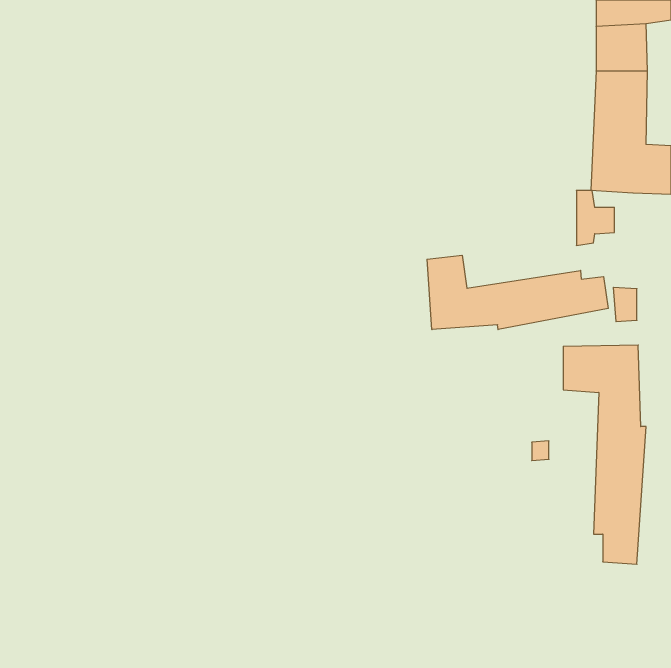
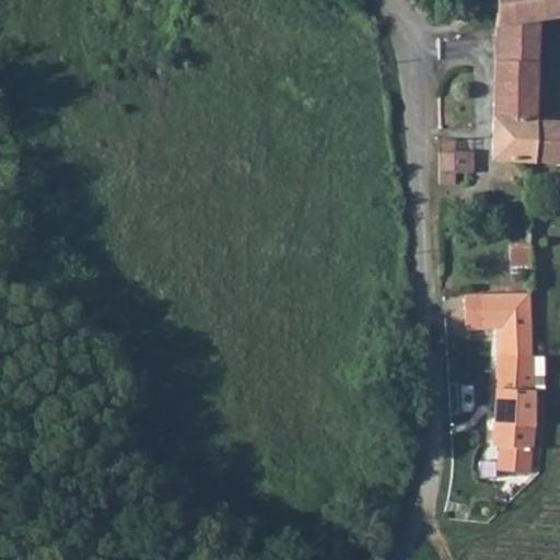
building: [576,190,614,245] -> [440,137,471,183]
building: [427,255,608,330] -> none

